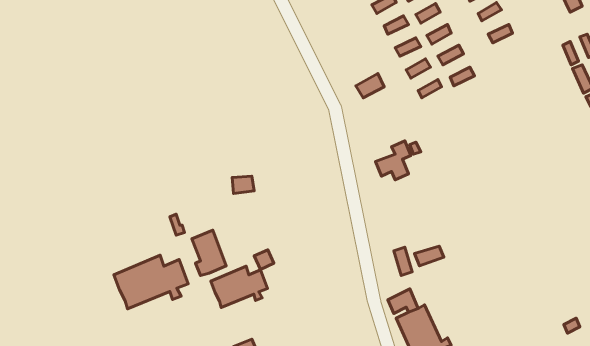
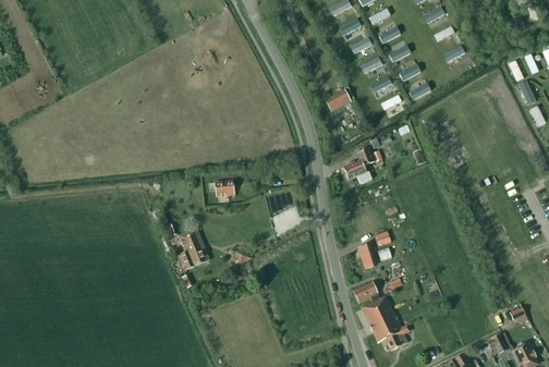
building: [114,255,188,309] -> none
building: [211,266,268,308] -> none

